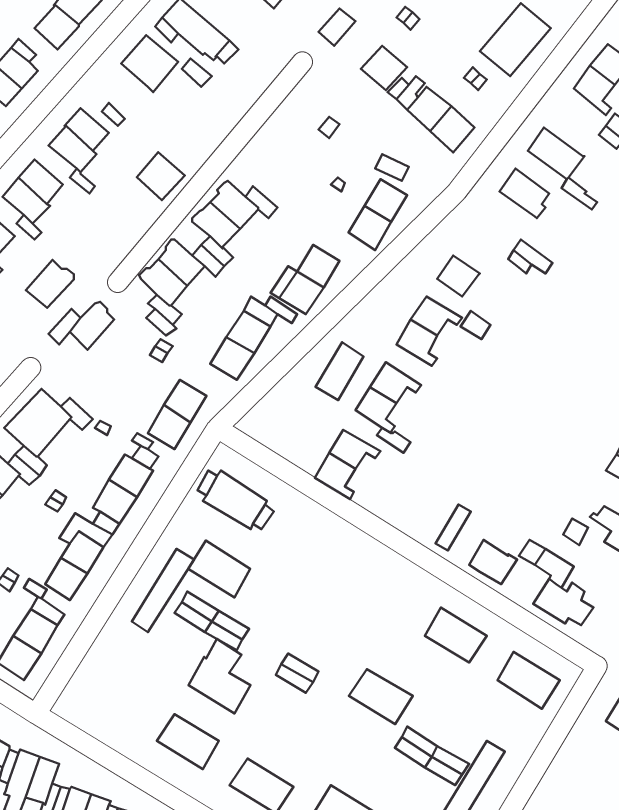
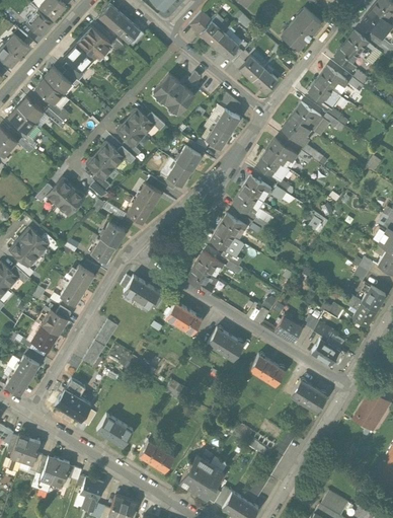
building: none -> [200,15,231,47]
building: none -> [317,67,346,96]
building: none -> [153,76,193,116]
building: [137,152,185,200] -> [64,44,91,71]
building: none -> [282,117,312,144]
building: none -> [265,140,295,168]
building: [26,260,74,308] -> [57,190,84,217]
building: [316,342,363,400] -> none
building: [188,540,250,597] -> [165,302,201,335]
building: [188,639,250,714] -> [55,378,90,421]
building: [349,669,413,724] -> [207,328,243,360]

